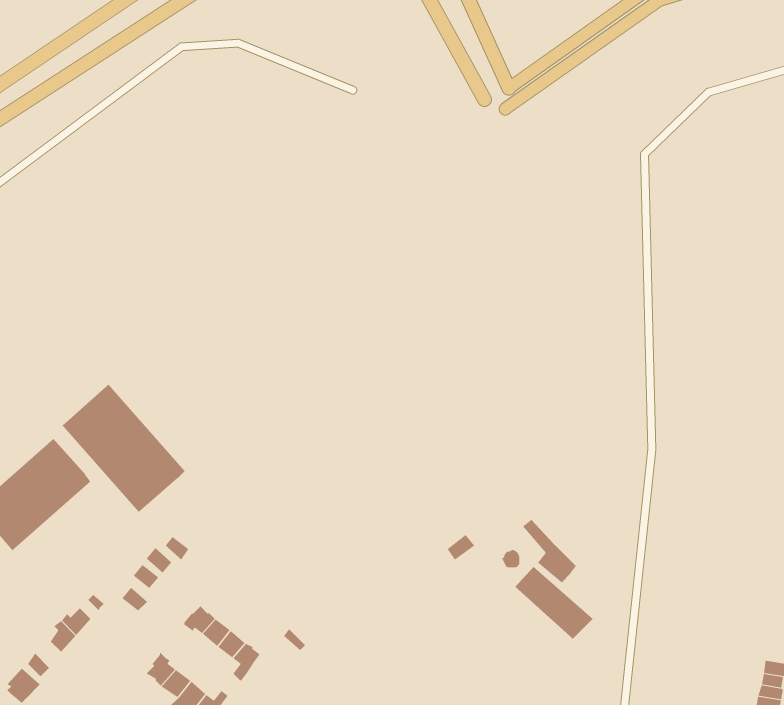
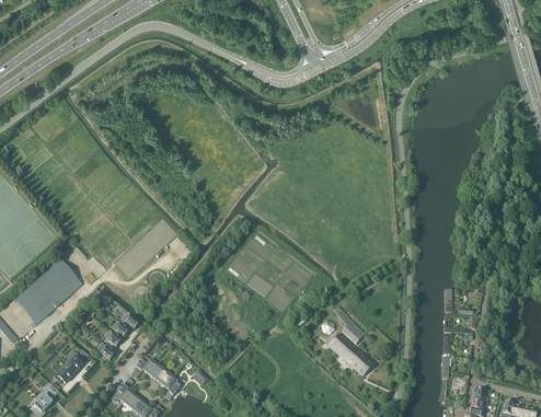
building: [62,384,185,513] -> none

